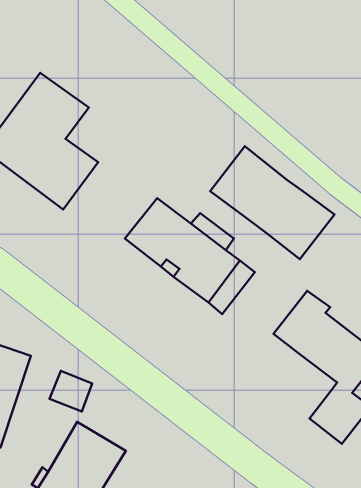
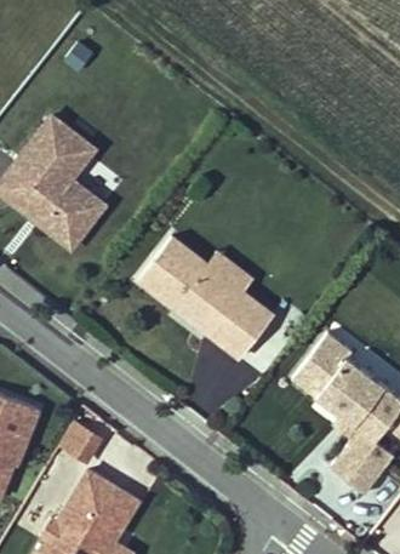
building: [210,146,334,259] -> none

